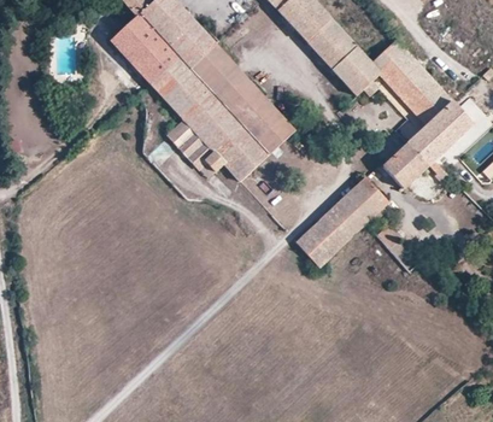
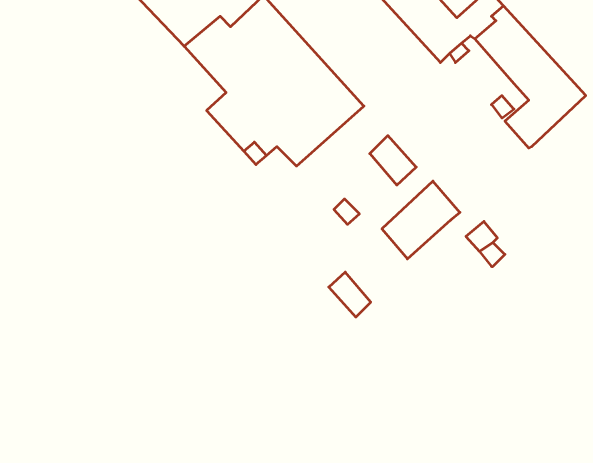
building: [383,142,427,187] -> none
building: [350,176,387,216] -> [370,136,416,185]
building: [295,229,329,265] -> [329,272,371,317]

